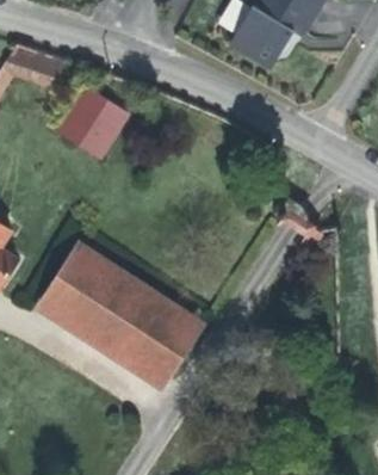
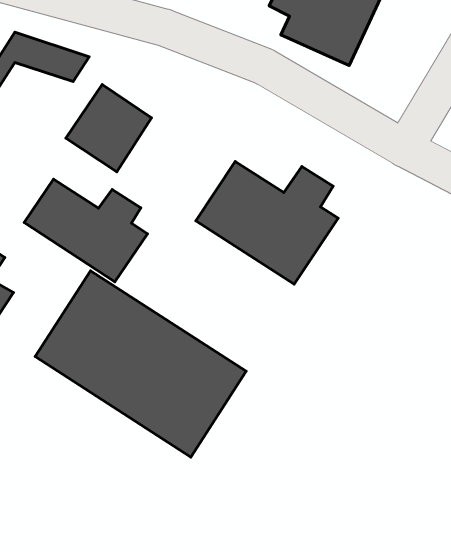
building: none -> [196,161,338,284]
building: none -> [24,179,148,282]

